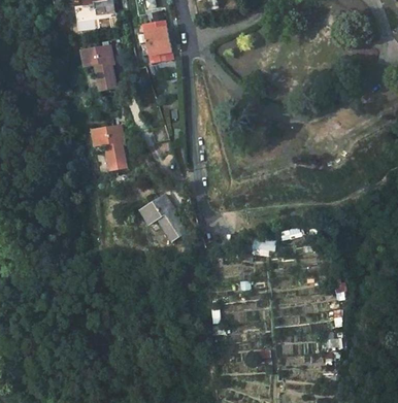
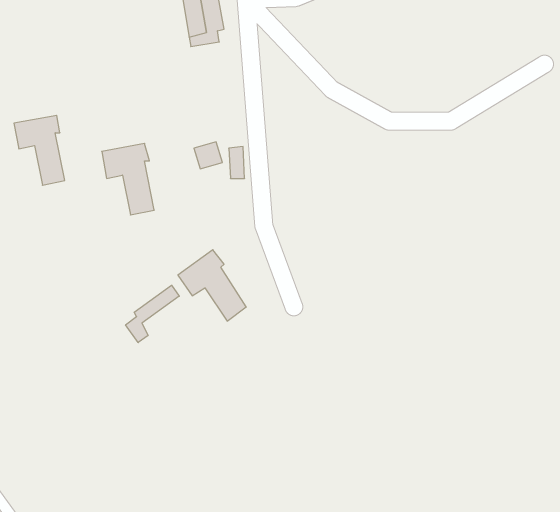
building: [80,44,113,90] -> [14,115,65,185]
building: none -> [126,285,179,343]

